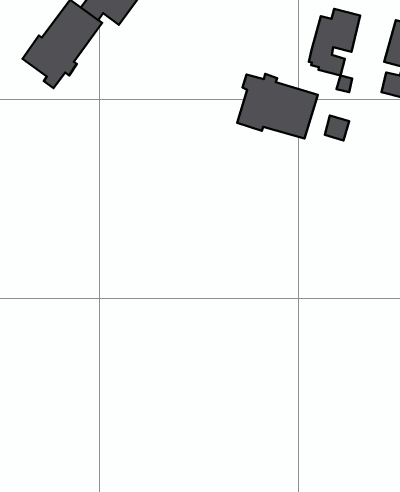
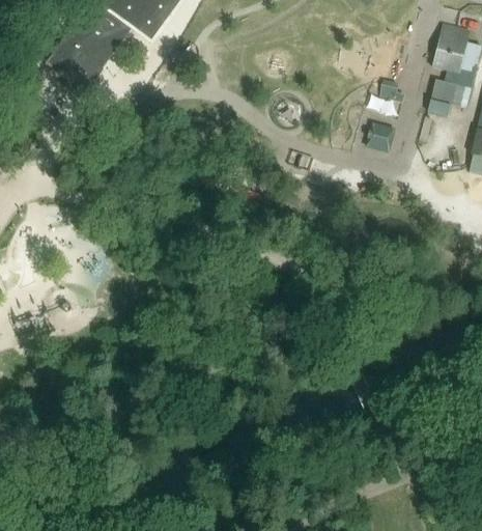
building: [309,9,360,75] -> none
building: [237,74,318,139] -> none

